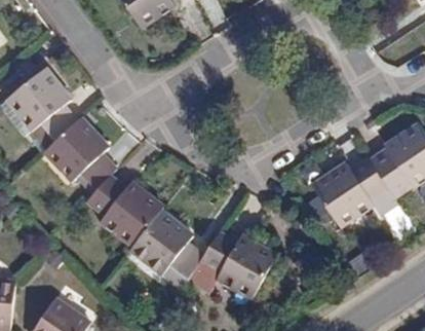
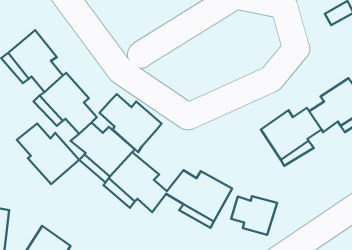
building: none -> [100,94,161,152]
building: none -> [17,123,79,184]
building: none -> [231,196,277,235]

